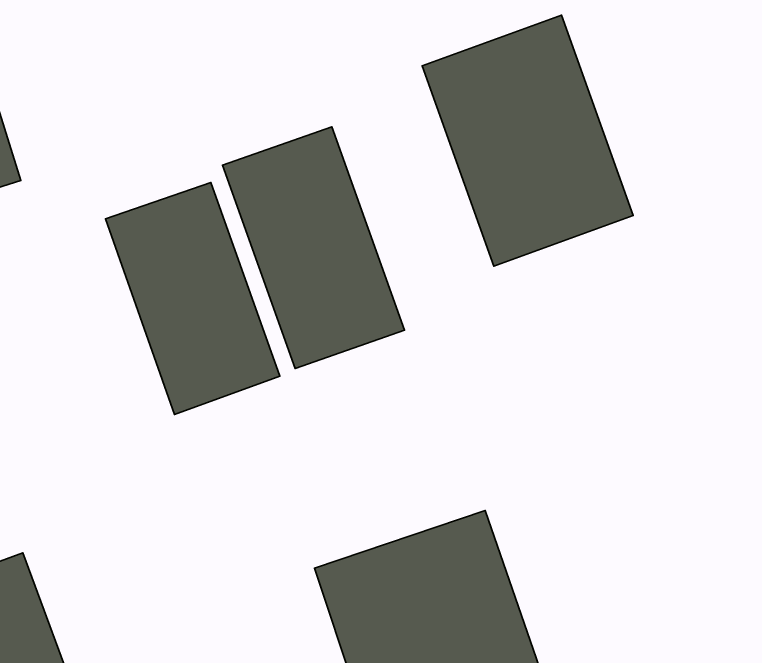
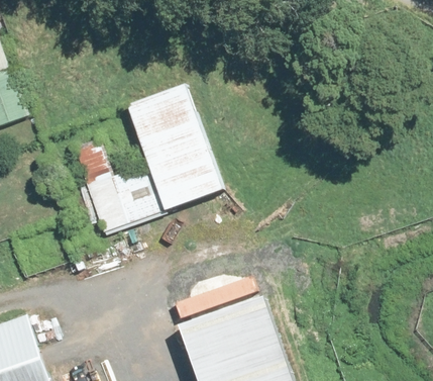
building: [422,15,633,266] -> none

